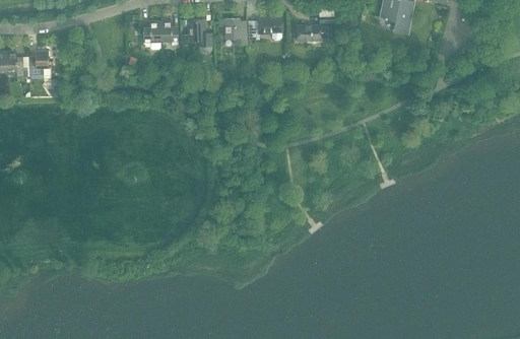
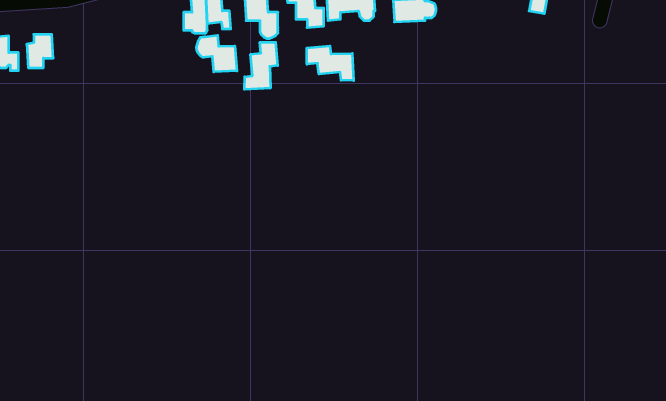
building: none -> [197,35,237,72]
building: none -> [244,42,278,89]
building: none -> [307,46,354,81]

